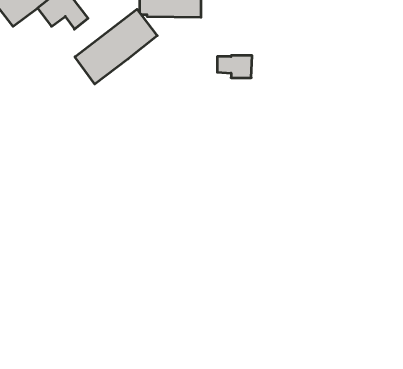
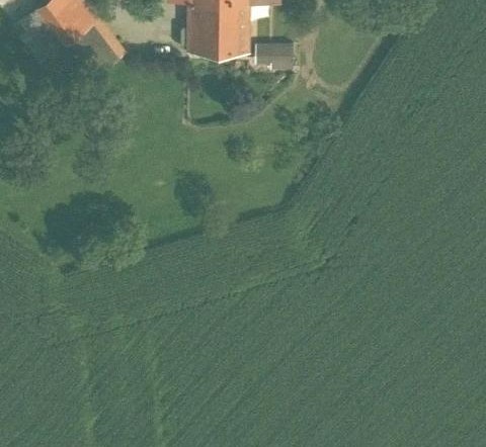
building: [75,9,157,84] -> none
building: [217,56,252,78] -> [255,46,294,70]

